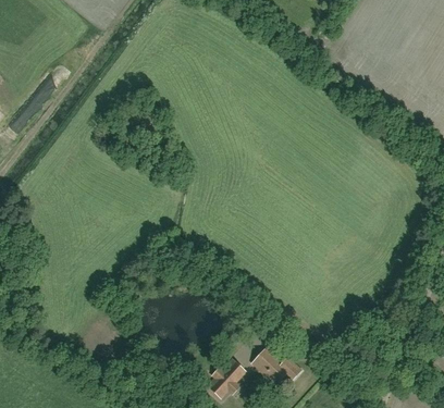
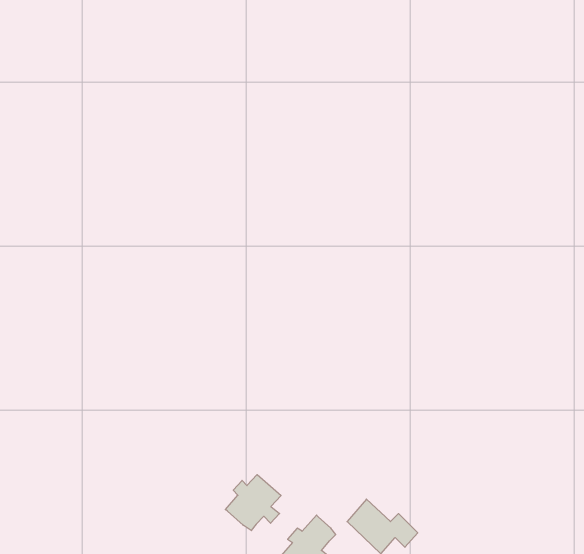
building: none -> [225,475,281,531]

